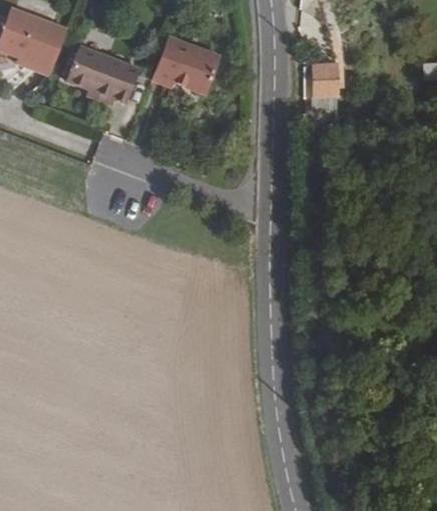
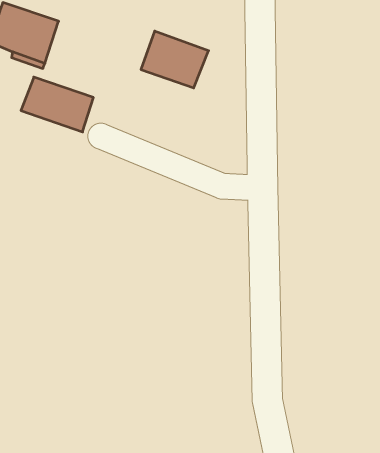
building: [67,46,141,102] -> [21,77,93,132]
building: [311,66,337,98] -> none

